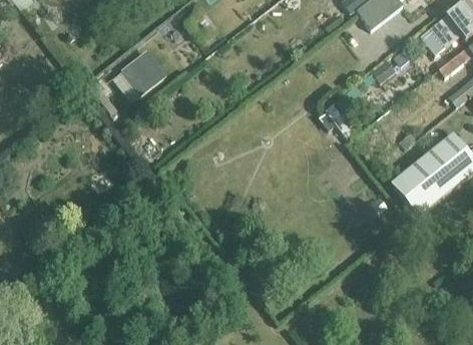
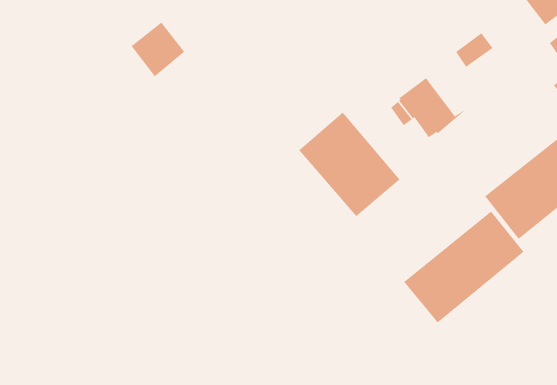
building: none -> [298,111,401,217]
building: none -> [403,210,524,323]

